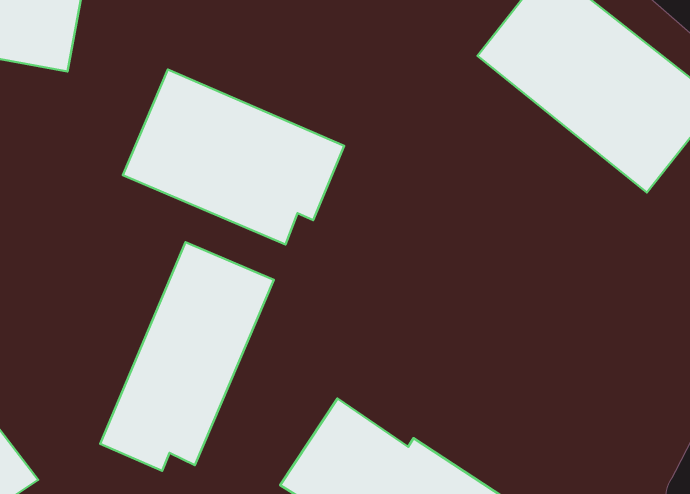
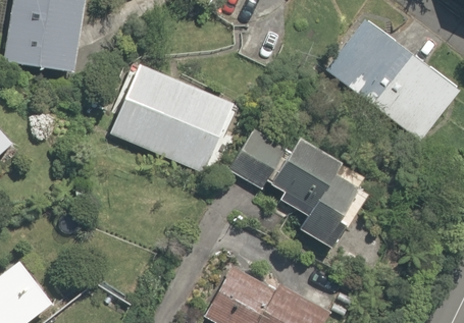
building: none -> [234,132,373,263]
building: [100,242,274,471] -> none

